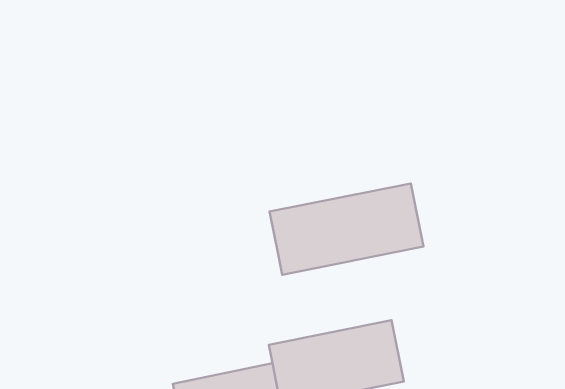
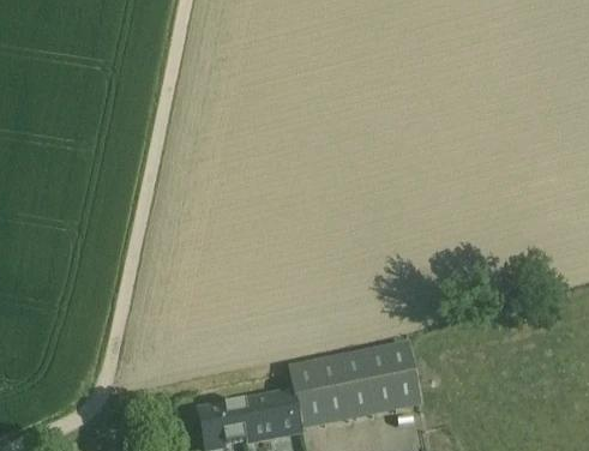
building: [270,183,423,275] -> none

